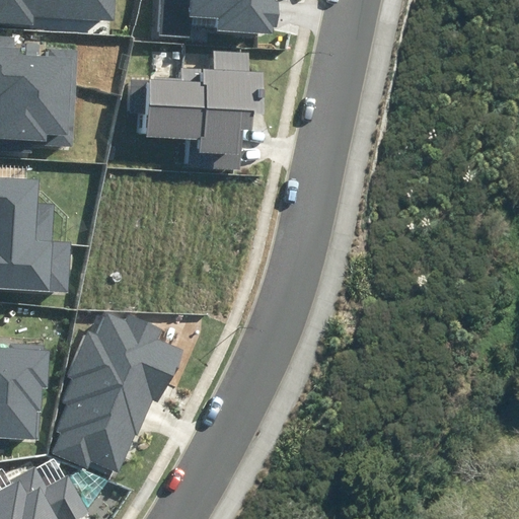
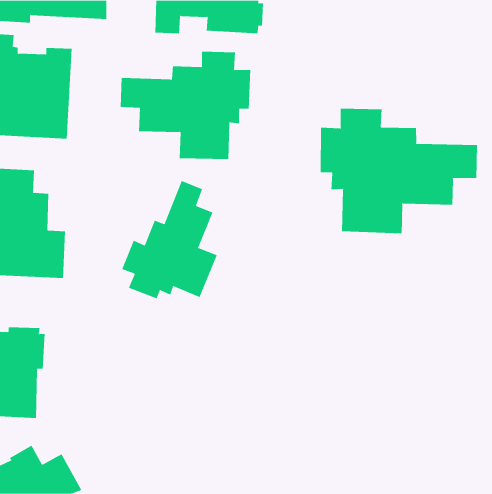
building: none -> [320,108,478,234]
building: none -> [121,180,218,299]
building: [52,314,180,472] -> none

